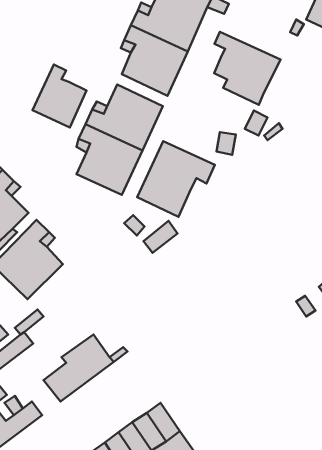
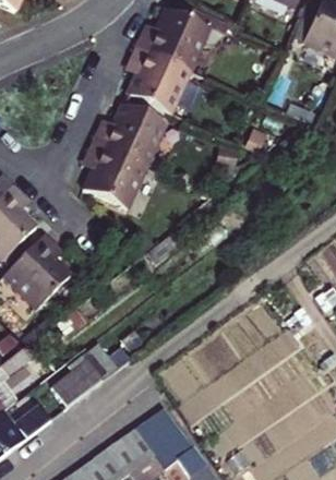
building: [214,32,280,105] -> none
building: [33,65,86,127] -> none
building: [137,141,215,217] -> none

